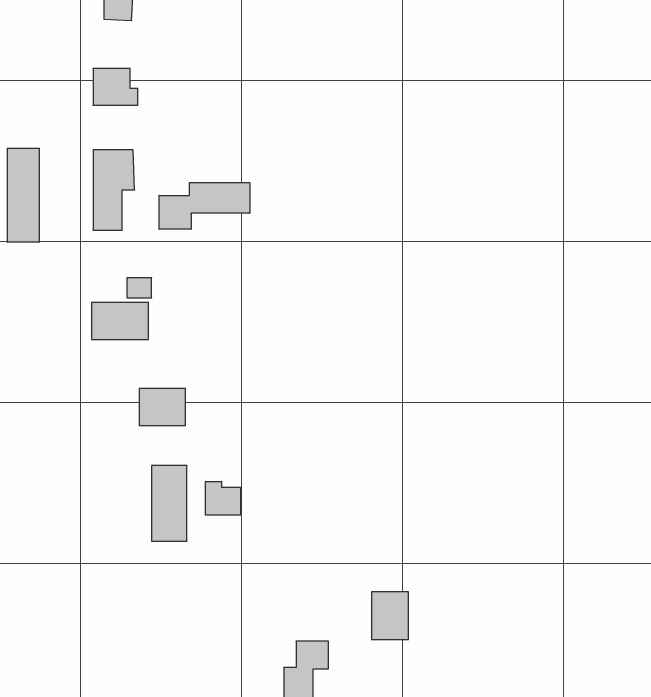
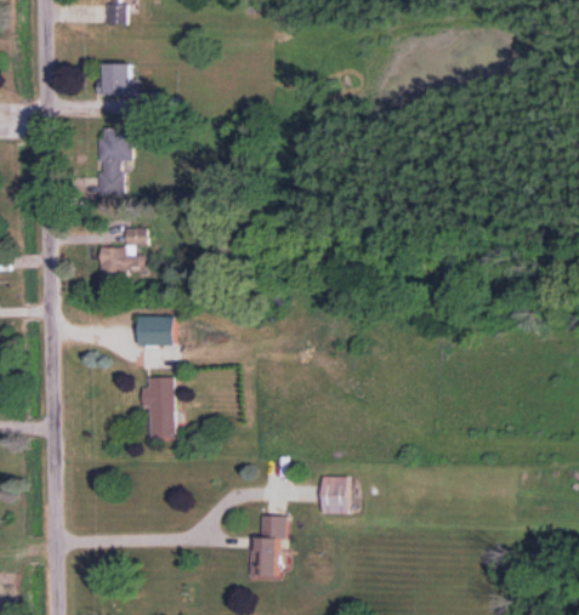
building: [7,148,39,242] -> none
building: [159,183,250,229] -> none
building: [206,481,241,515] -> none

